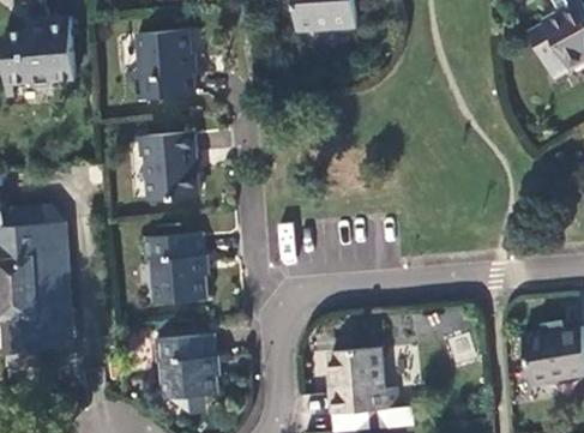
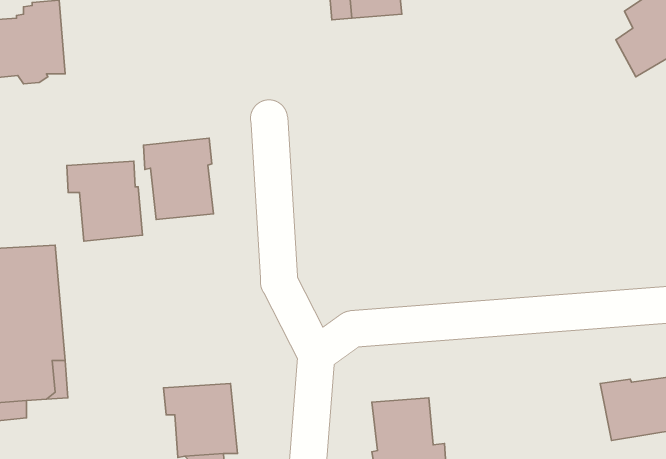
building: [132,29,192,97] -> none
building: [143,235,206,302] -> [67,161,142,241]

